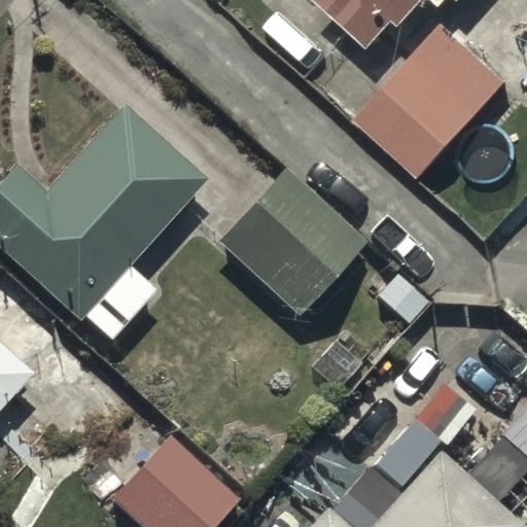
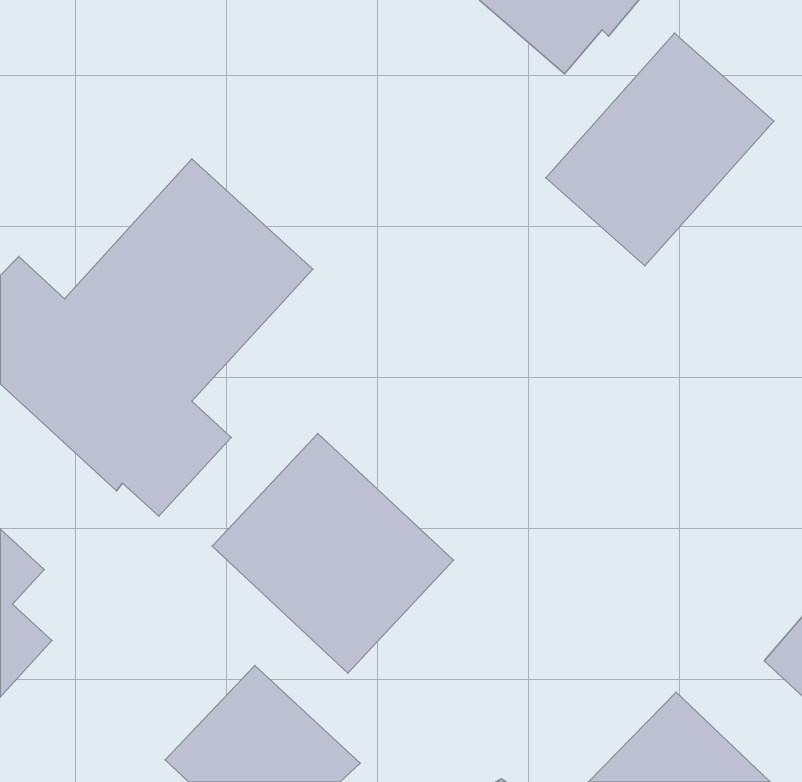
building: [216,169,365,318] -> none
building: none -> [212,433,453,673]

